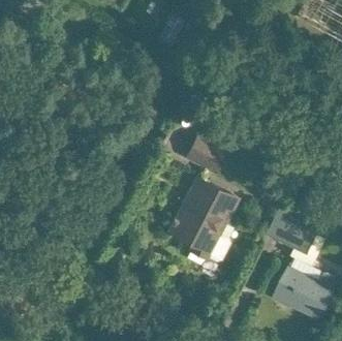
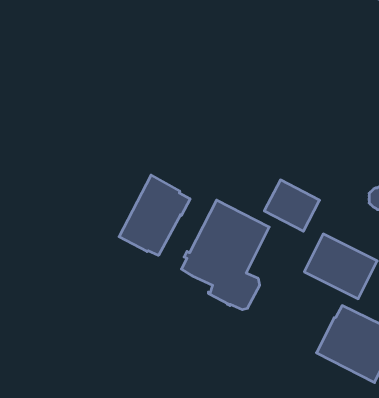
building: [185,136,227,176] -> [264,180,320,231]
building: none -> [119,175,190,255]

